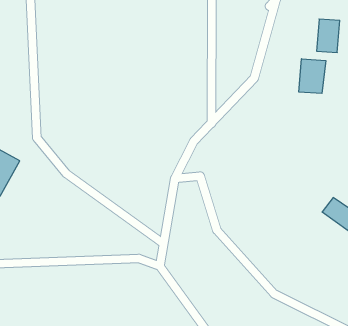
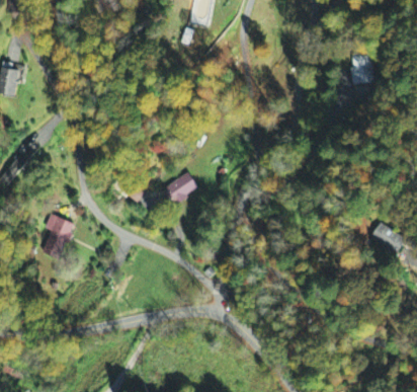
building: [299,59,326,93] -> none
building: none -> [162,171,198,205]

